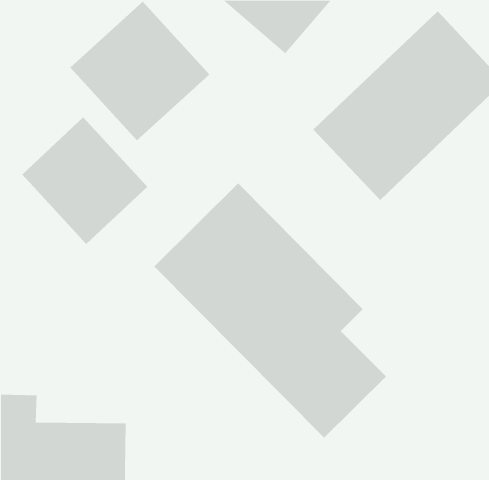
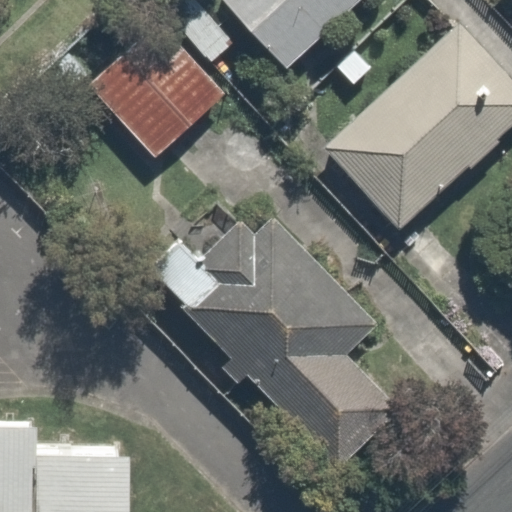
building: [21,116,148,245] -> none

